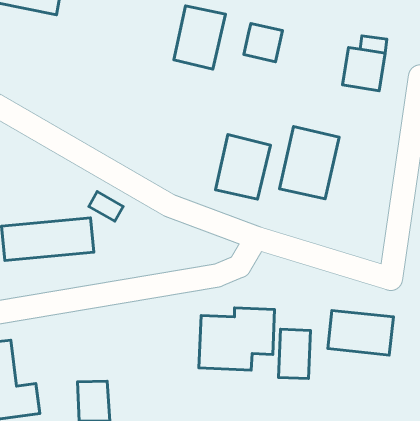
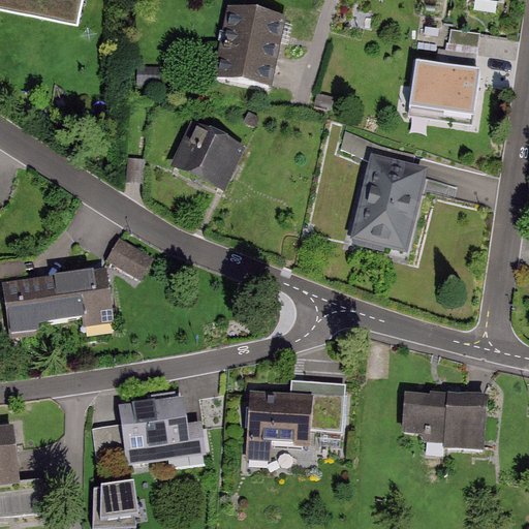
building: [244,23,282,62] -> none
building: none -> [170,124,240,190]
building: [215,135,270,199] -> none
building: none -> [94,399,196,465]
building: [278,329,310,379] -> none

